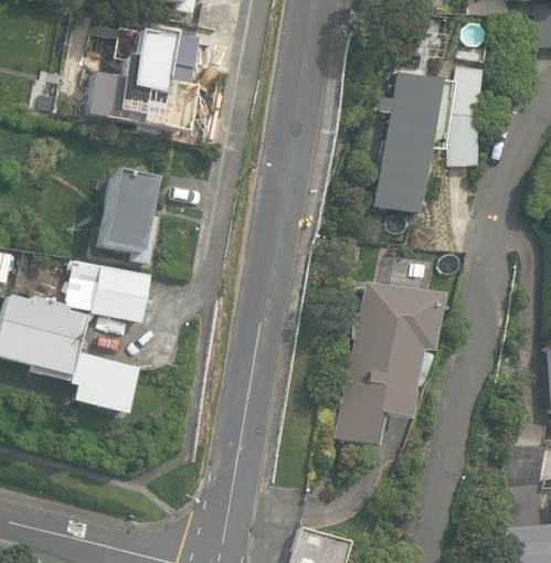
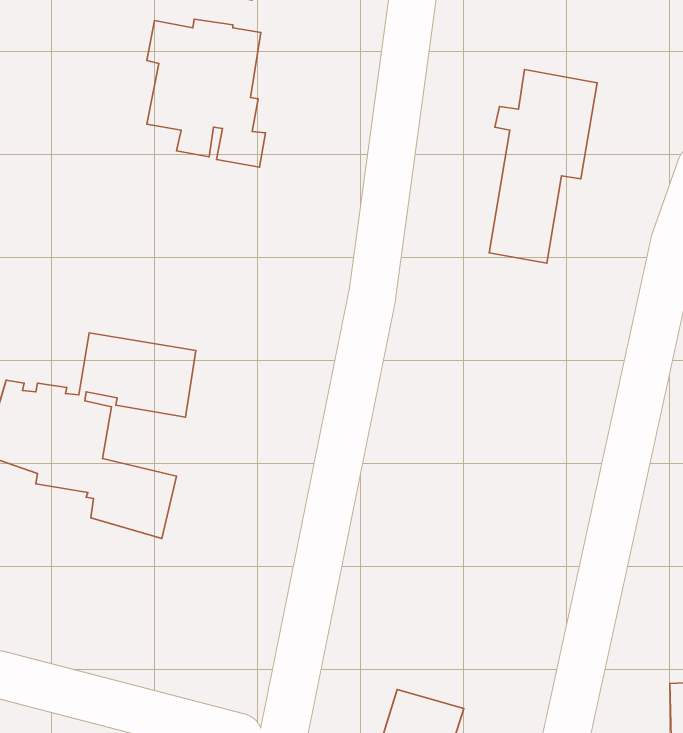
building: [448,60,484,162] -> none
building: [100,168,158,259] -> none
building: [335,274,439,446] -> none

